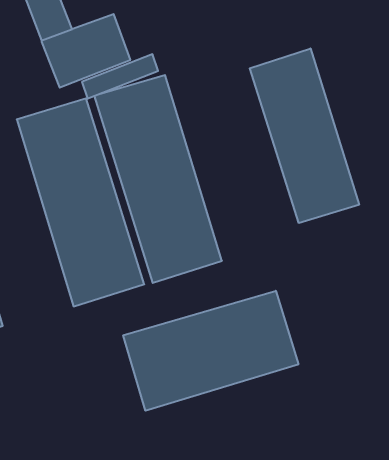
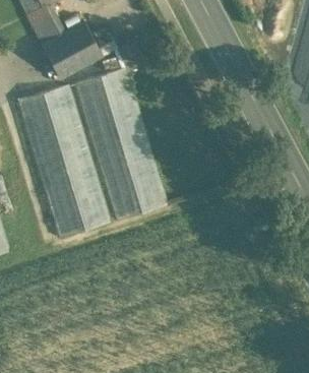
building: [250,48,359,223] -> none
building: [123,291,298,411] -> none

